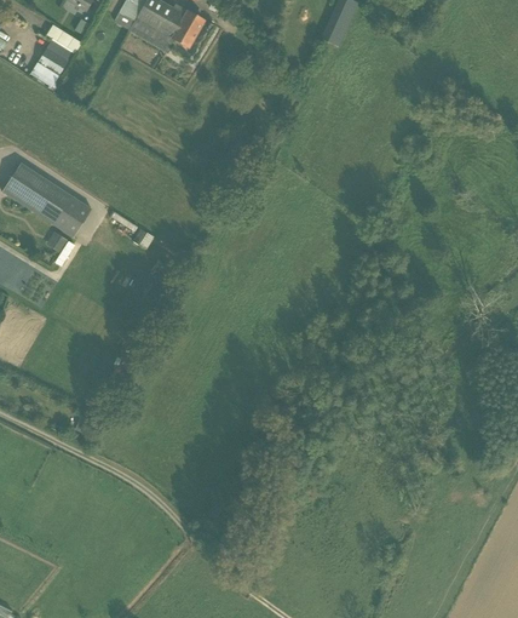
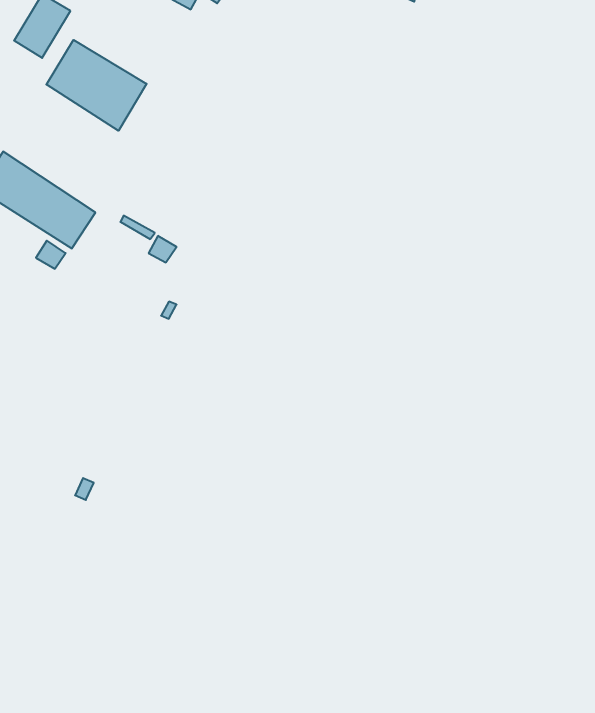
building: none -> [46,40,147,131]

